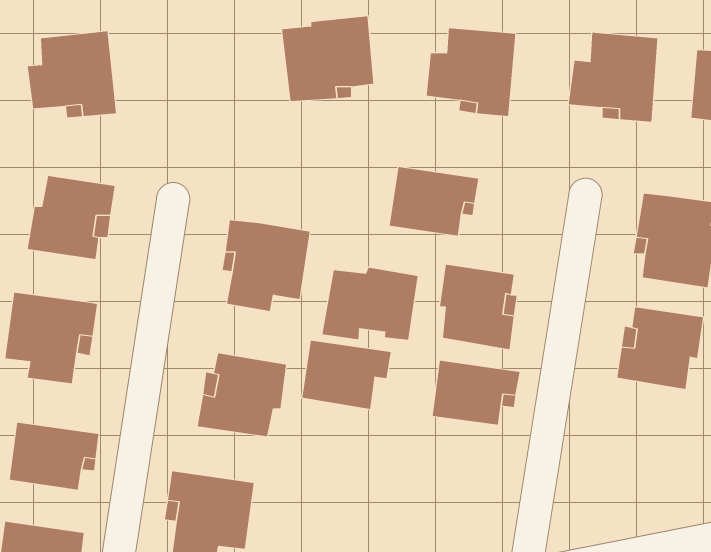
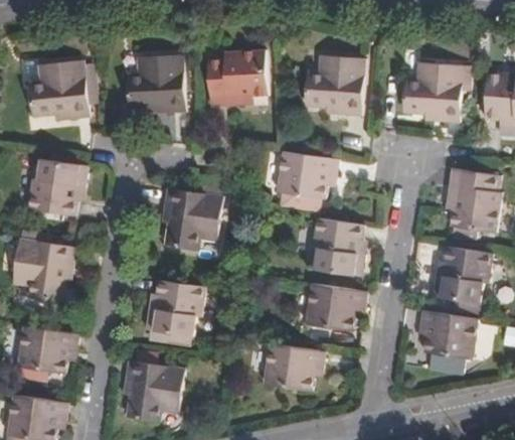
building: none -> [129,58,186,115]
building: [322,267,418,340] -> none
building: [301,340,392,410] -> [264,342,325,390]
building: none -> [416,310,475,360]

